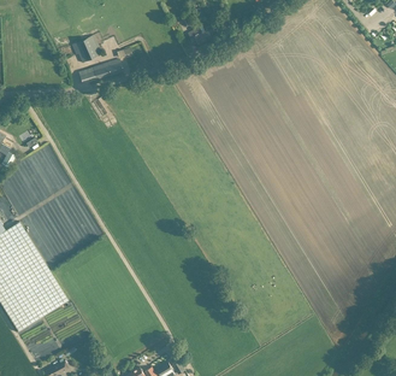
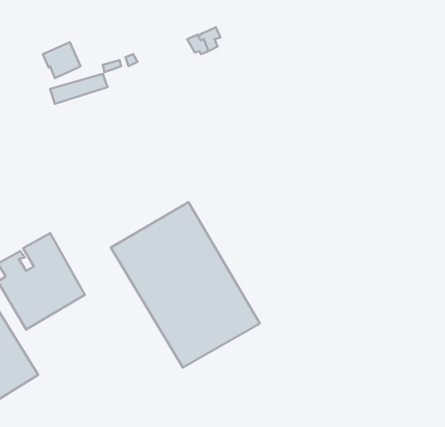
building: none -> [111,202,260,367]

